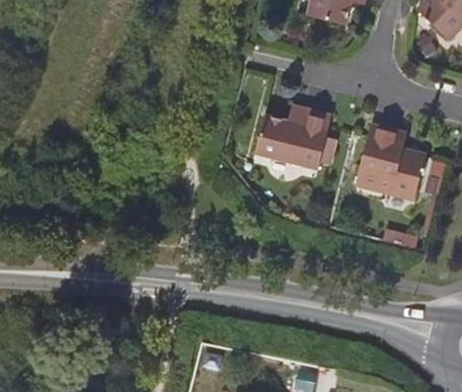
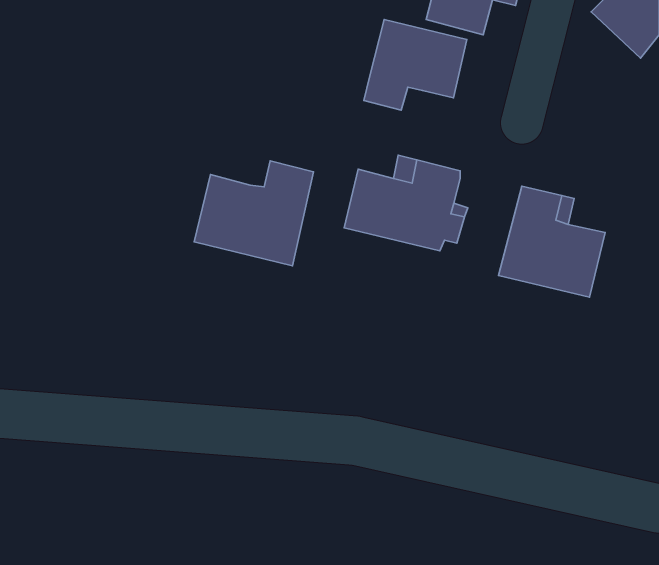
building: none -> [364,20,467,110]
building: none -> [194,161,313,266]

